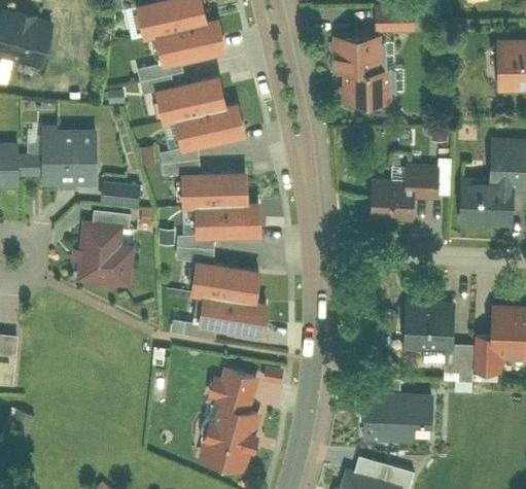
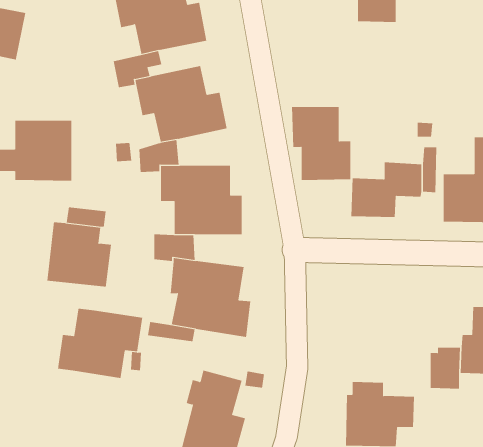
building: [329,35,387,106] -> [291,107,351,181]
building: [101,182,141,207] -> none
building: [398,307,450,351] -> none
building: none -> [57,308,143,379]

